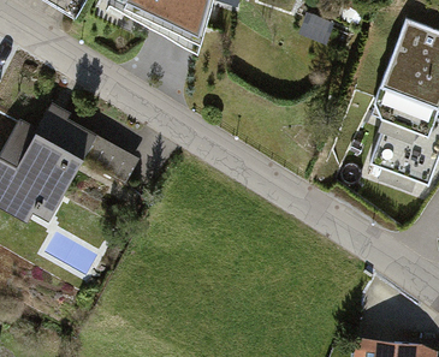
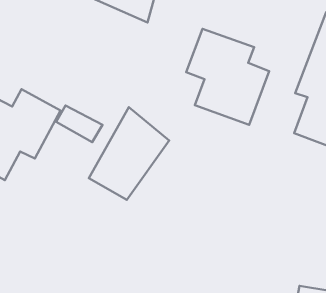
building: none -> [186,29,269,125]
building: none -> [89,107,169,200]

